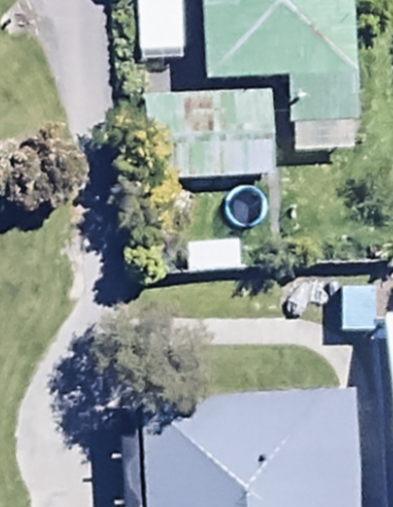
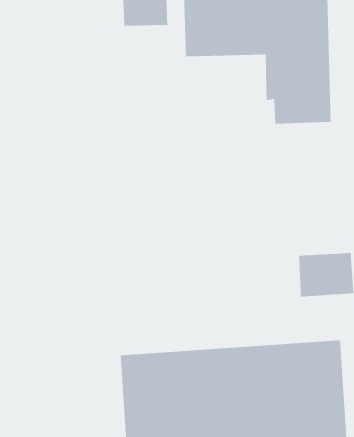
building: [145,96,275,183] -> none

